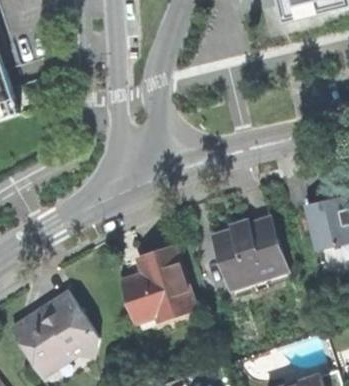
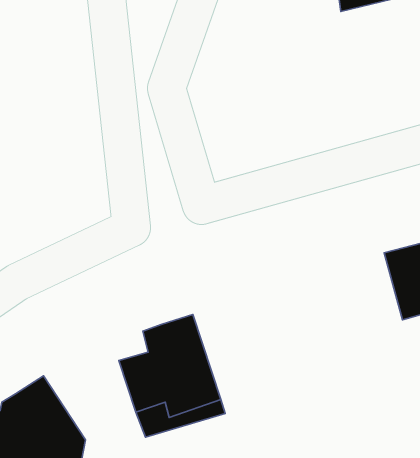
building: [214,214,289,288] -> none

